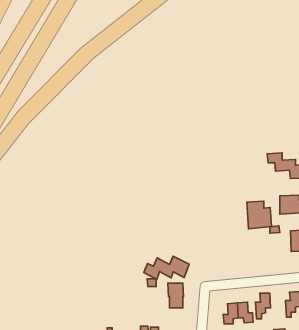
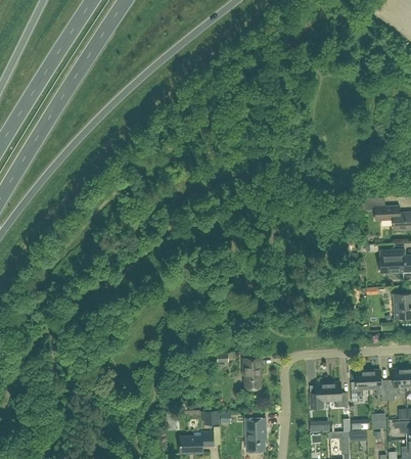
building: [247,201,272,229] -> none
building: [144,256,189,279] -> none
building: none -> [367,370,387,402]

